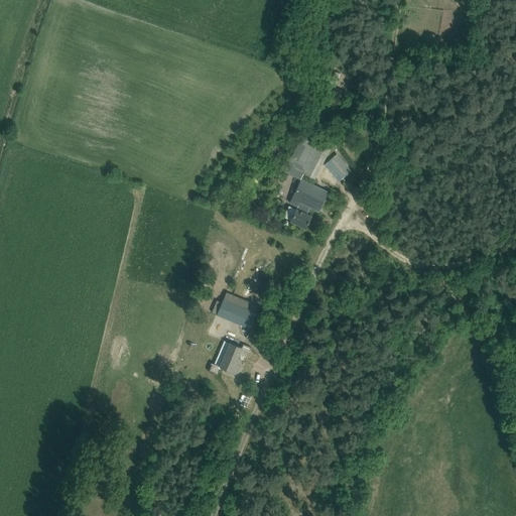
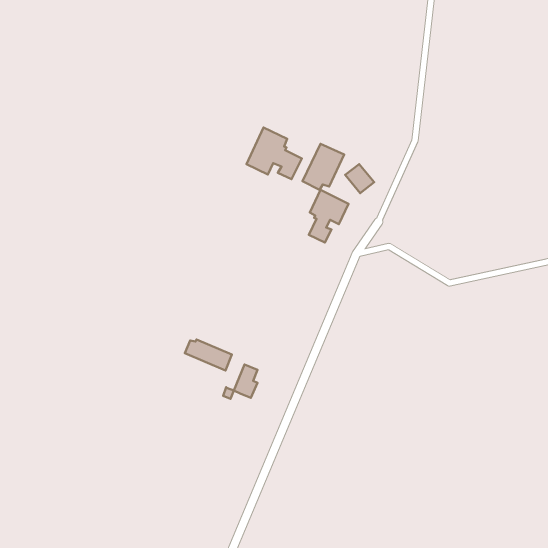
building: none -> [247,127,302,179]
building: [212,299,256,329] -> [185,339,232,370]

